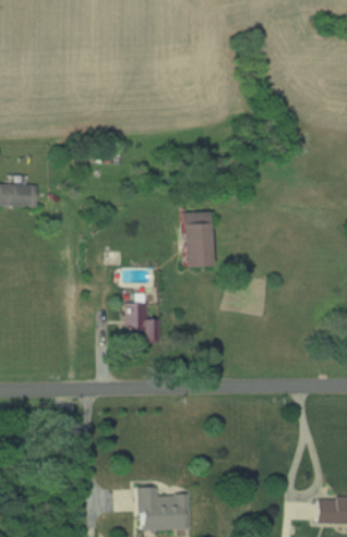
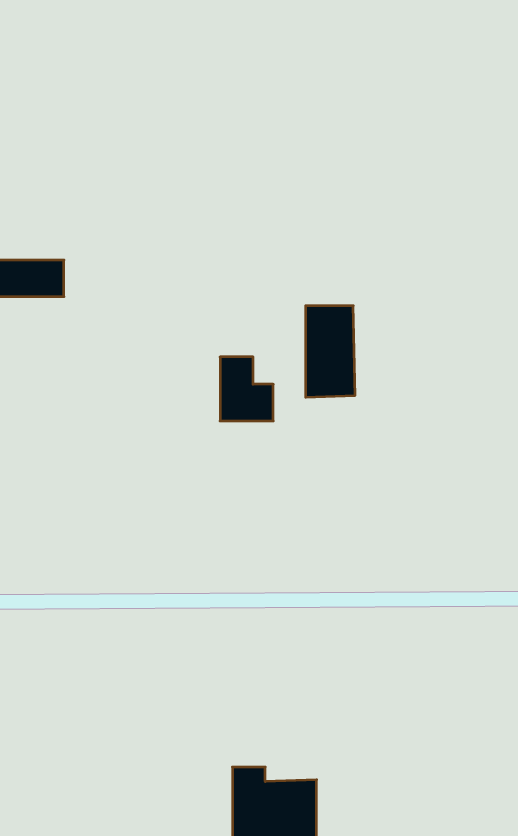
building: [128,302,159,340] -> [220,357,273,421]

